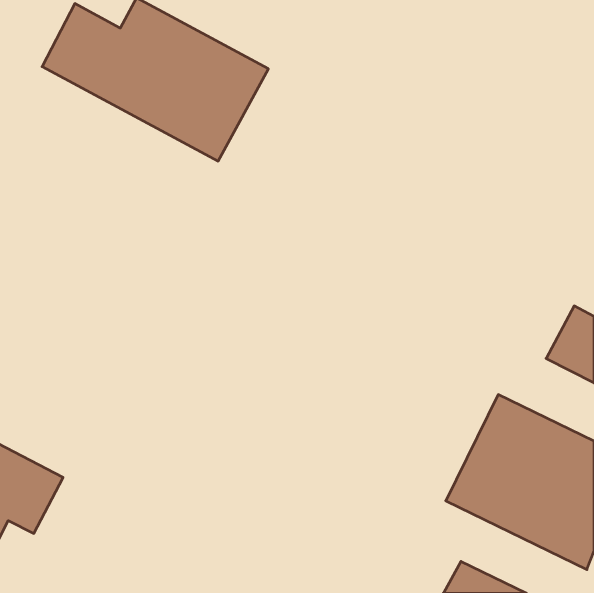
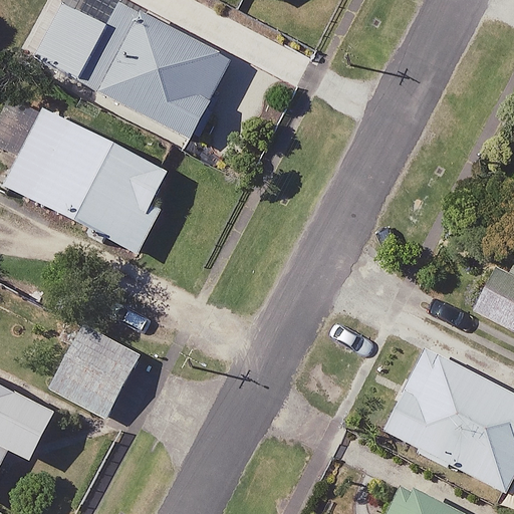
building: none -> [4,107,178,253]
building: none -> [50,325,139,417]

